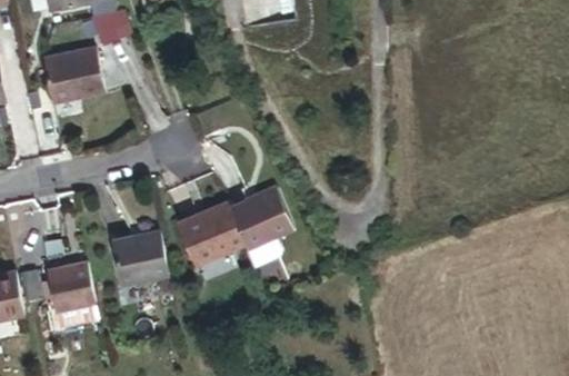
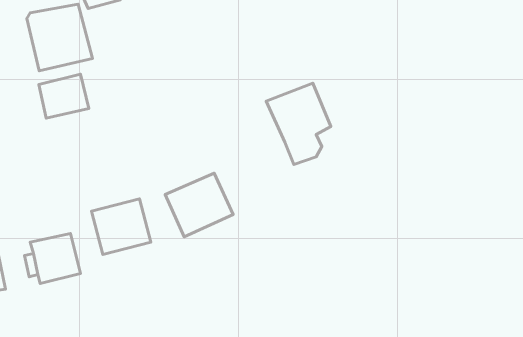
building: none -> [39,74,89,118]
building: [228,186,292,267] -> [266,83,331,164]

